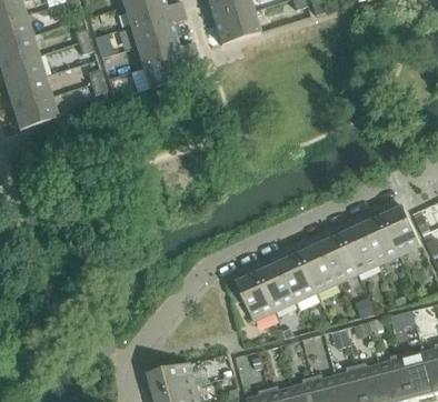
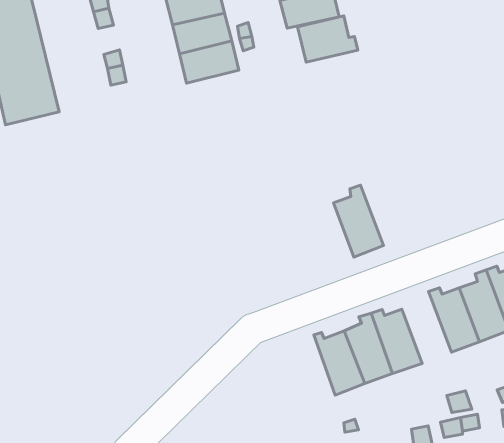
building: none -> [297,16,358,62]
building: [319,230,358,283] -> [334,185,383,257]
building: [236,268,275,321] -> none

